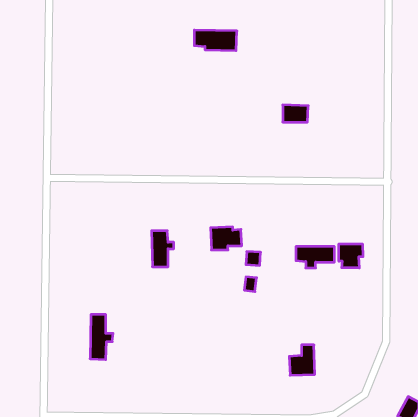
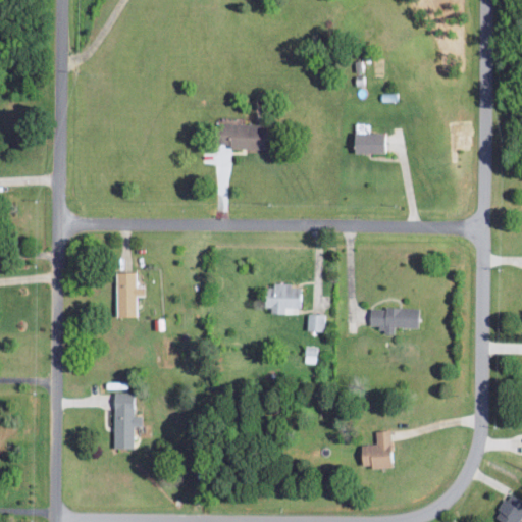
building: [194,30,237,51] -> [216,124,269,150]
building: [152,231,174,267] -> [115,273,143,318]
building: [339,244,363,268] -> none

